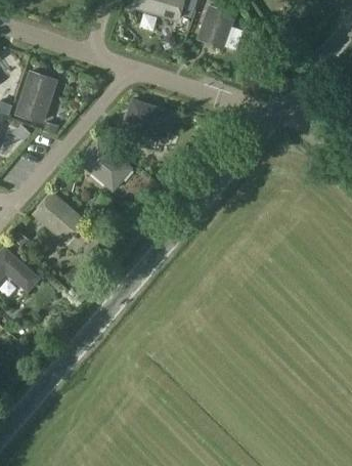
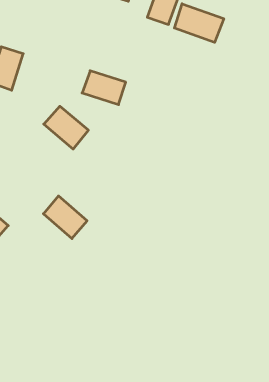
building: none -> [174,4,224,42]
building: [35,193,85,242] -> [43,196,87,239]

